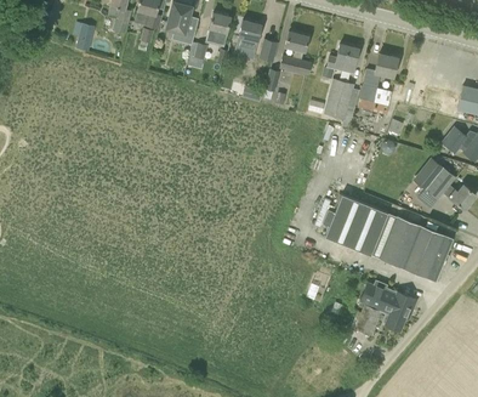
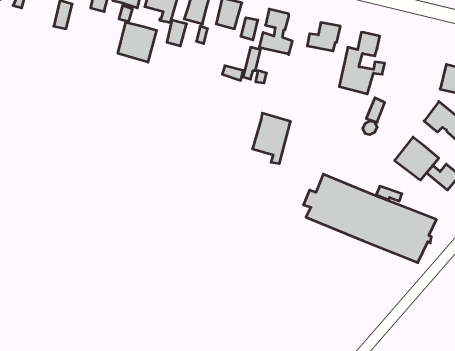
building: none -> [118,22,157,62]
building: [323,79,360,129] -> [252,113,291,164]
building: [353,282,417,336] -> none

